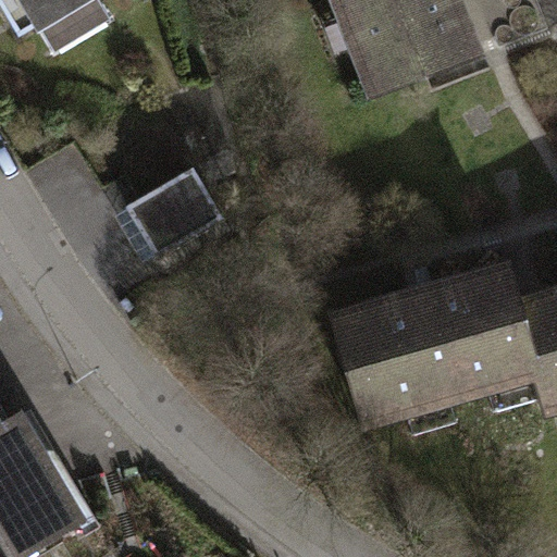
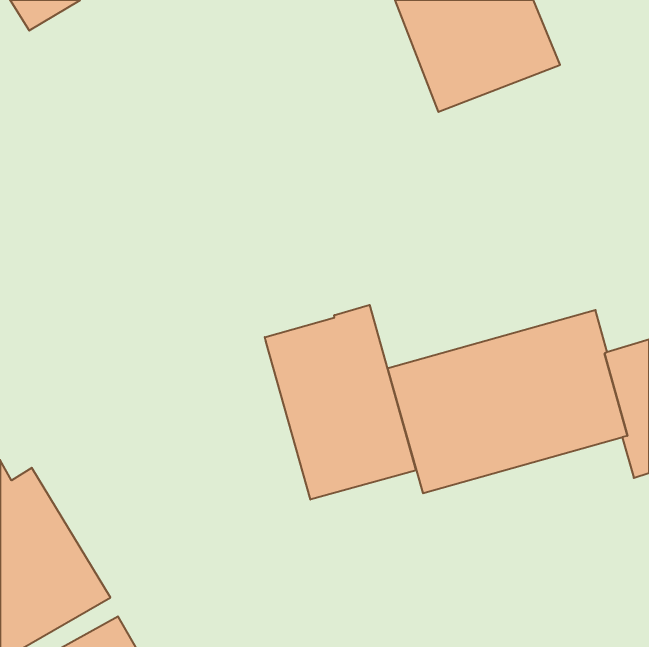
building: [127,177,224,269] -> none
building: none -> [265,305,416,500]

